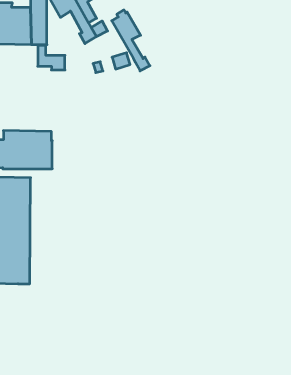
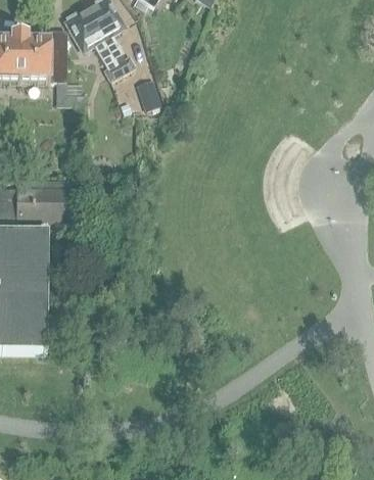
building: [112,10,150,71] -> none

